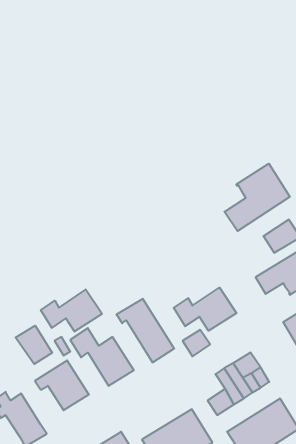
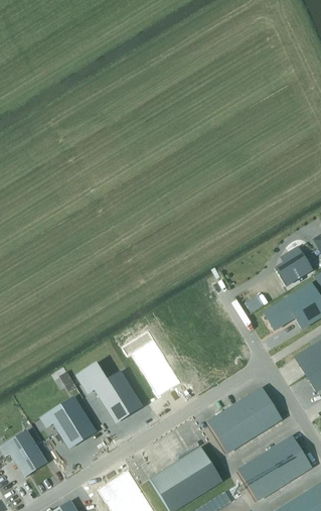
building: [224,164,290,231] -> none
building: [174,288,236,331] -> none
building: [41,289,102,332] -> none
building: [16,326,52,364] -> none
building: [183,330,210,356] -> [207,410,235,437]

